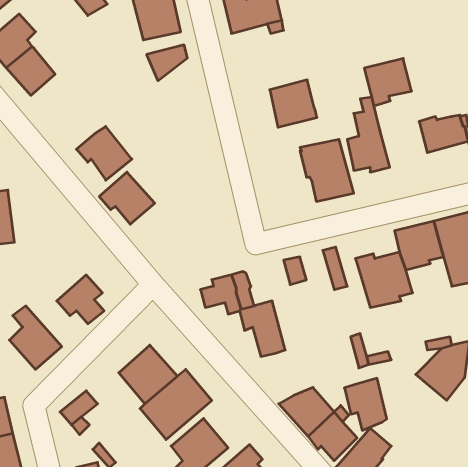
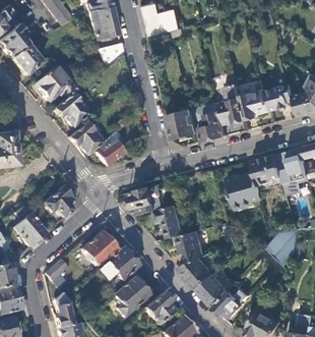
building: [364,58,412,106] -> [245,90,274,119]
building: [270,80,317,127] -> [172,109,201,138]
building: none -> [34,65,77,101]
building: none -> [98,131,125,166]
building: [344,378,387,430] -> [180,229,206,262]

